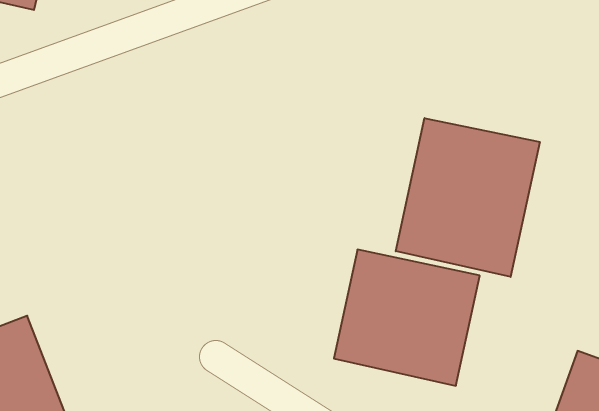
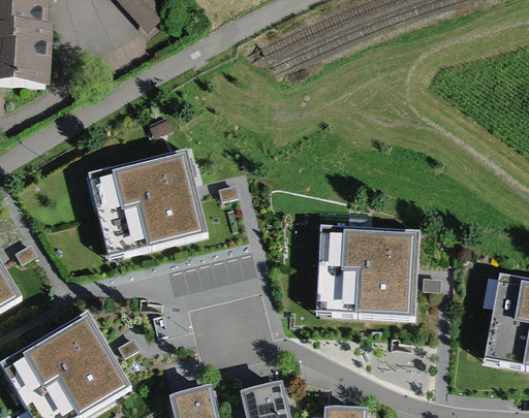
building: [396,118,540,277] -> none
building: none -> [88,155,201,254]

